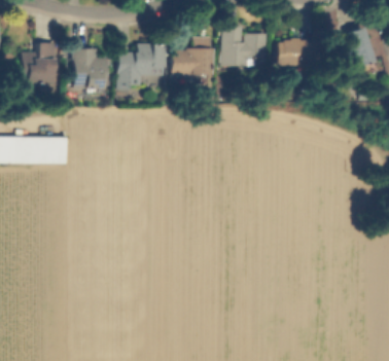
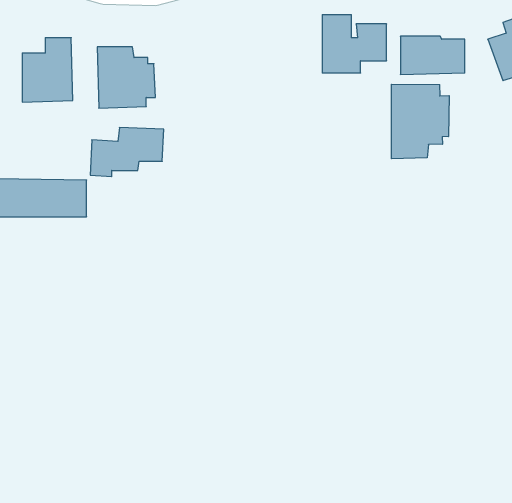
building: [173,37,213,75] -> none
building: [118,43,168,76] -> [90,128,164,177]
building: none -> [391,84,449,159]

